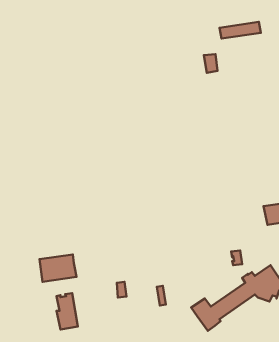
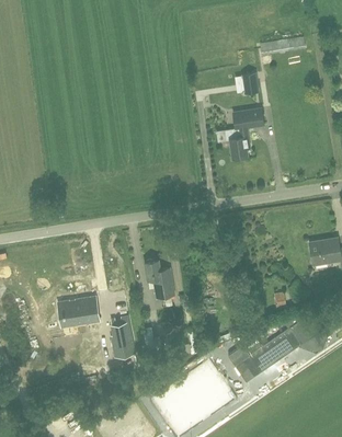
building: none -> [230,107,264,158]
building: none -> [145,258,174,297]
building: [56,293,78,329] -> [111,315,135,356]

